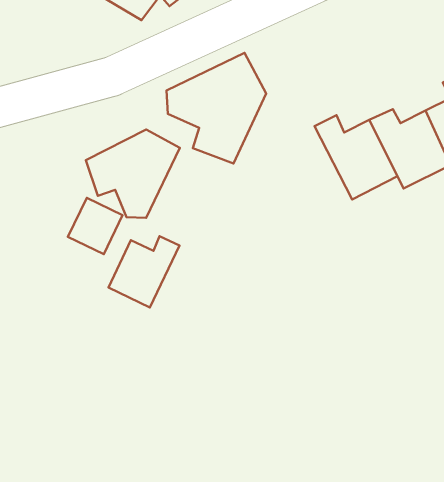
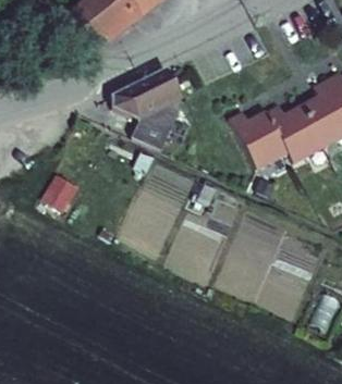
building: [86,129,180,218] -> none
building: [109,236,179,307] -> none

